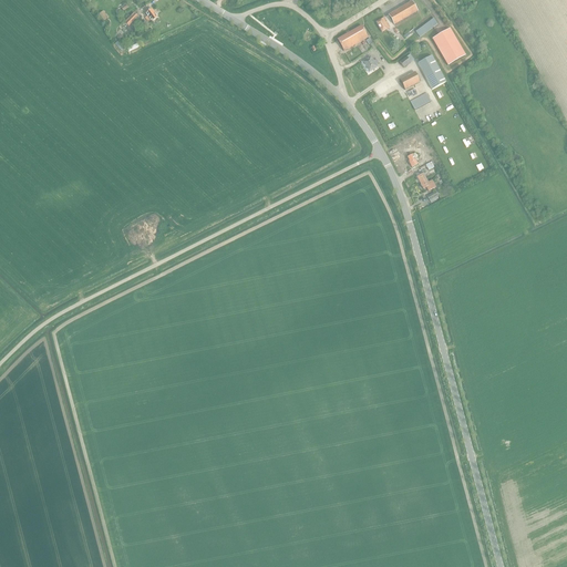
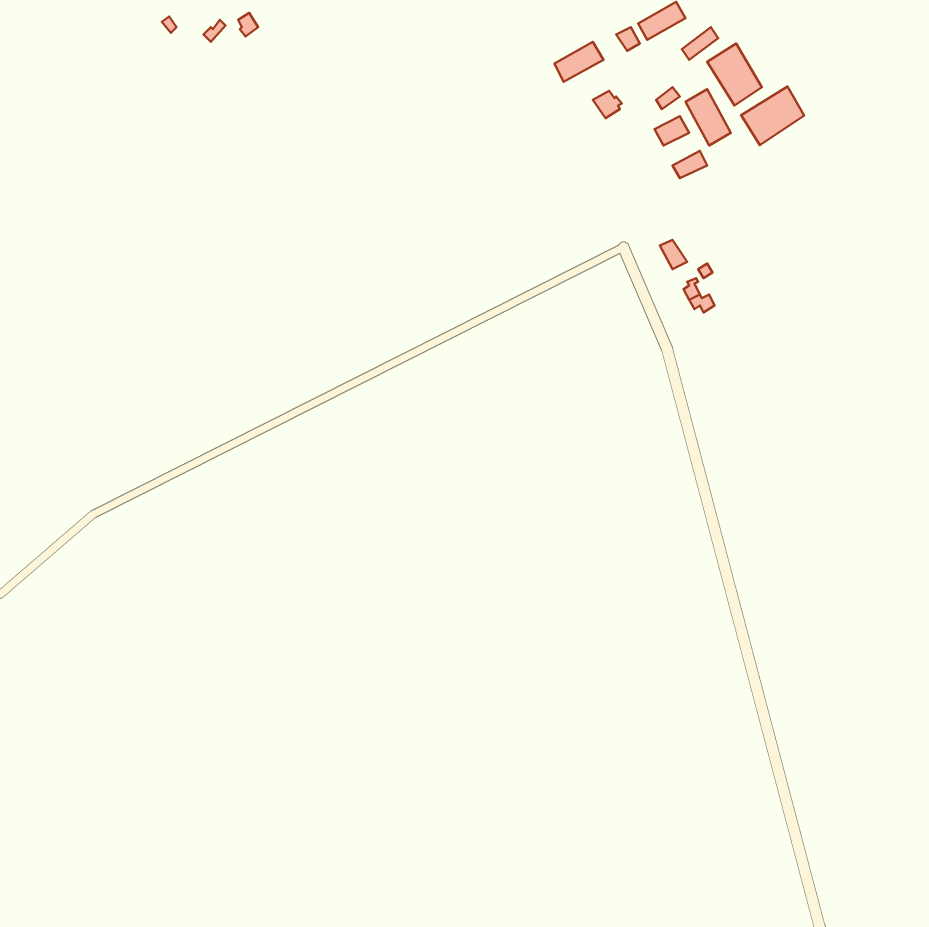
building: none -> [741,86,804,145]

